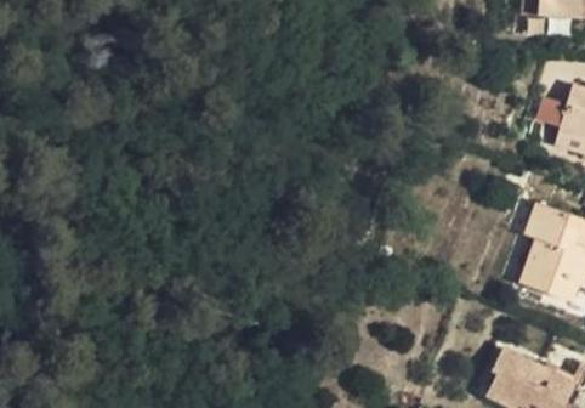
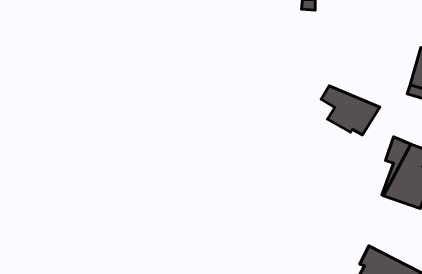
building: none -> [321,86,380,135]

